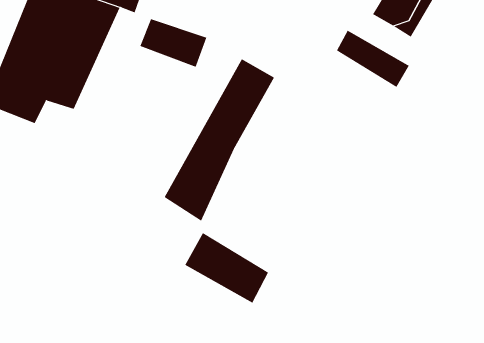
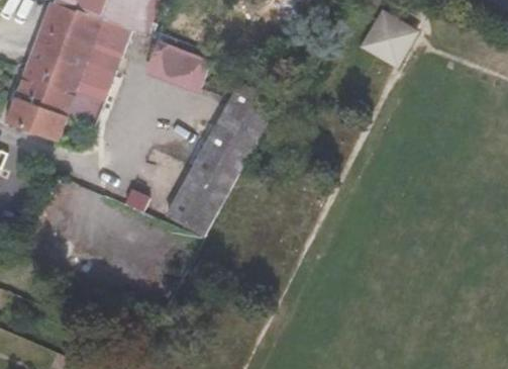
building: [336,30,409,88] -> none
building: [184,232,269,303] -> none

